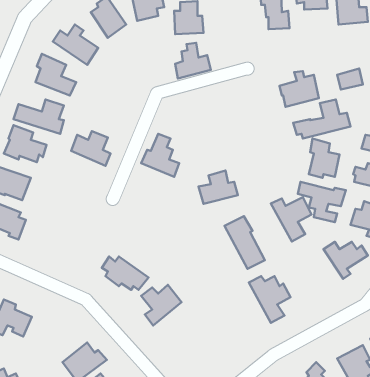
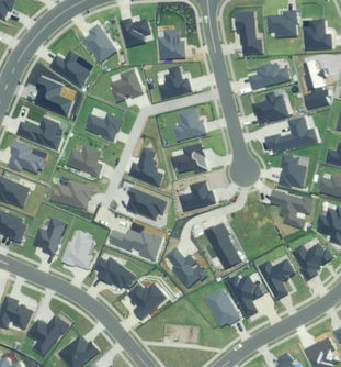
building: none -> [300,57,327,90]
building: none -> [250,62,289,88]
building: none -> [111,68,143,101]
building: none -> [174,108,205,140]
building: none -> [87,113,123,141]
building: none -> [171,143,207,171]
building: none -> [49,179,93,208]
building: none -> [126,186,168,218]
building: [271,197,311,241] -> [259,258,295,298]
building: none -> [34,218,66,255]
building: none -> [111,229,163,259]
building: none -> [62,230,93,267]
building: none -> [167,247,207,286]
building: none -> [205,287,240,326]
building: none -> [29,314,68,355]

